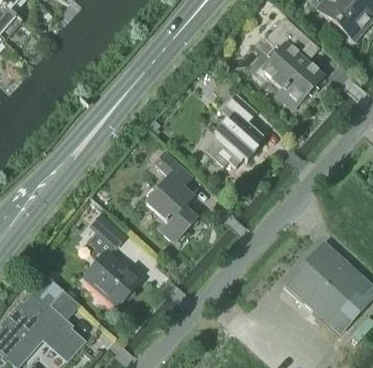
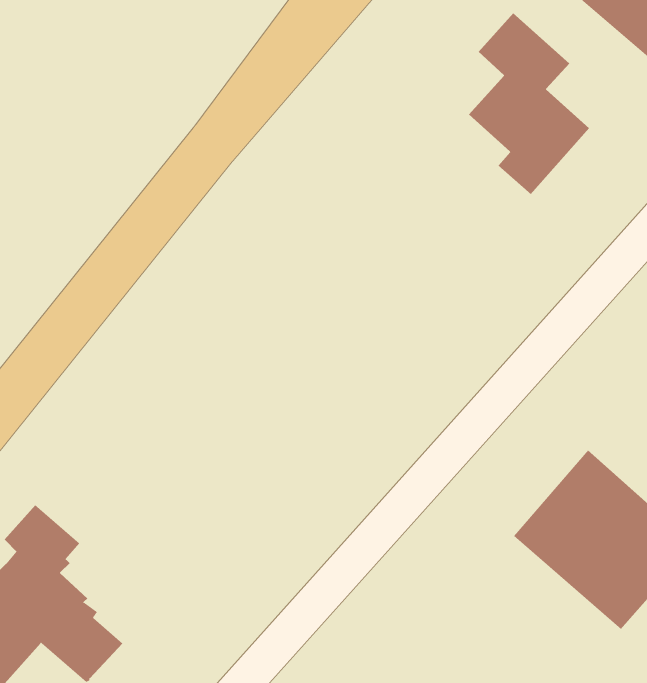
building: [207,95,264,168] -> none
building: [147,152,198,243] -> none
building: [86,215,142,306] -> none

